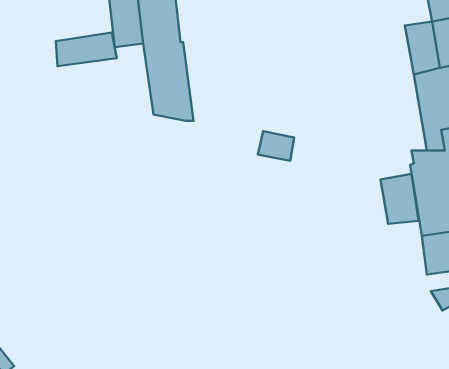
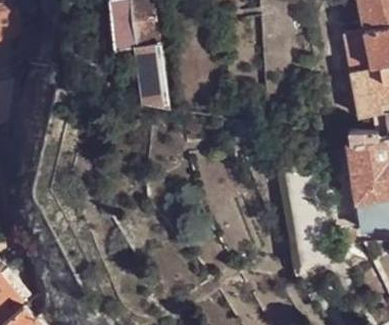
building: [56,33,117,66] -> none
building: [381,174,419,224] -> none

